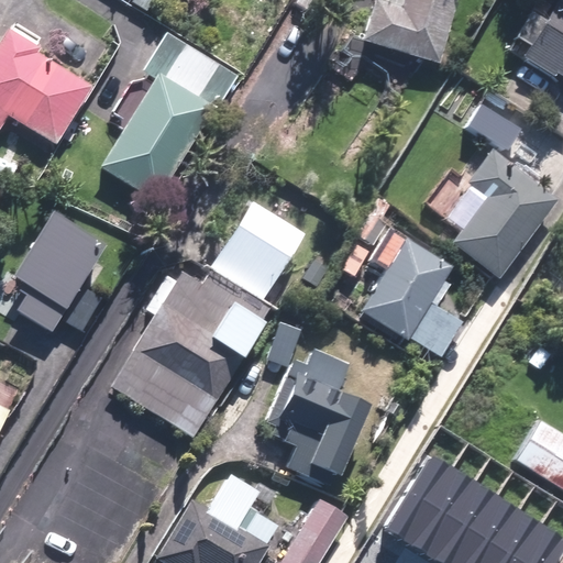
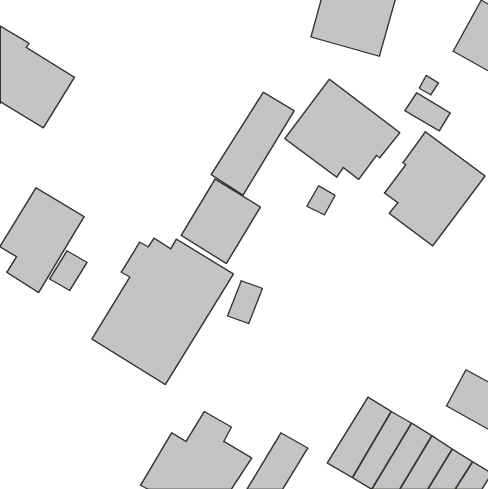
building: [100,31,240,202] -> none
building: none -> [285,79,400,179]
building: none -> [211,92,294,195]
building: [360,239,465,362] -> none
building: [265,372,365,486] -> none

